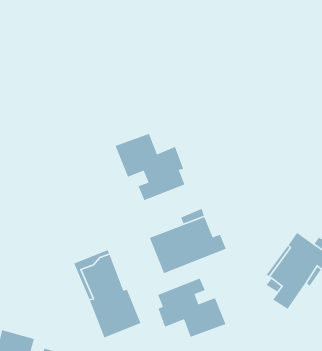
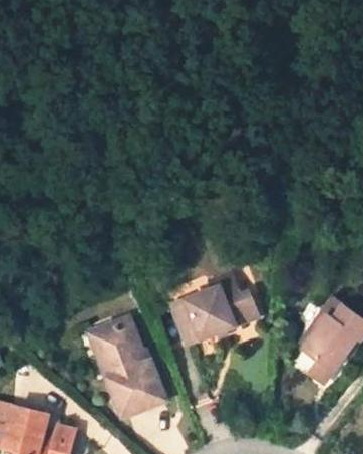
building: [114,133,185,201] -> none
building: [157,278,227,338] -> none

